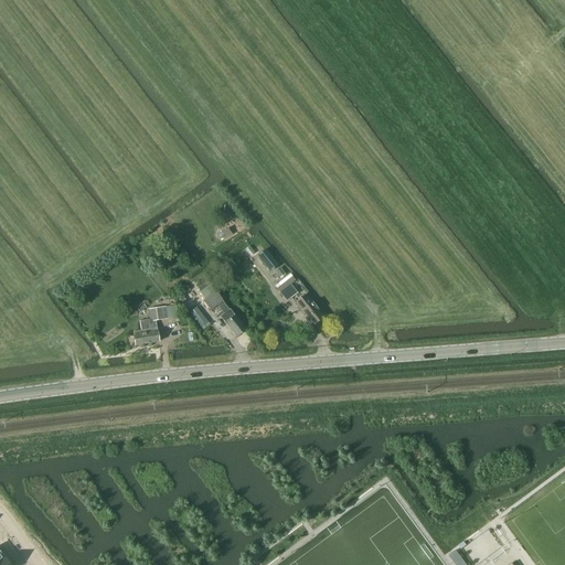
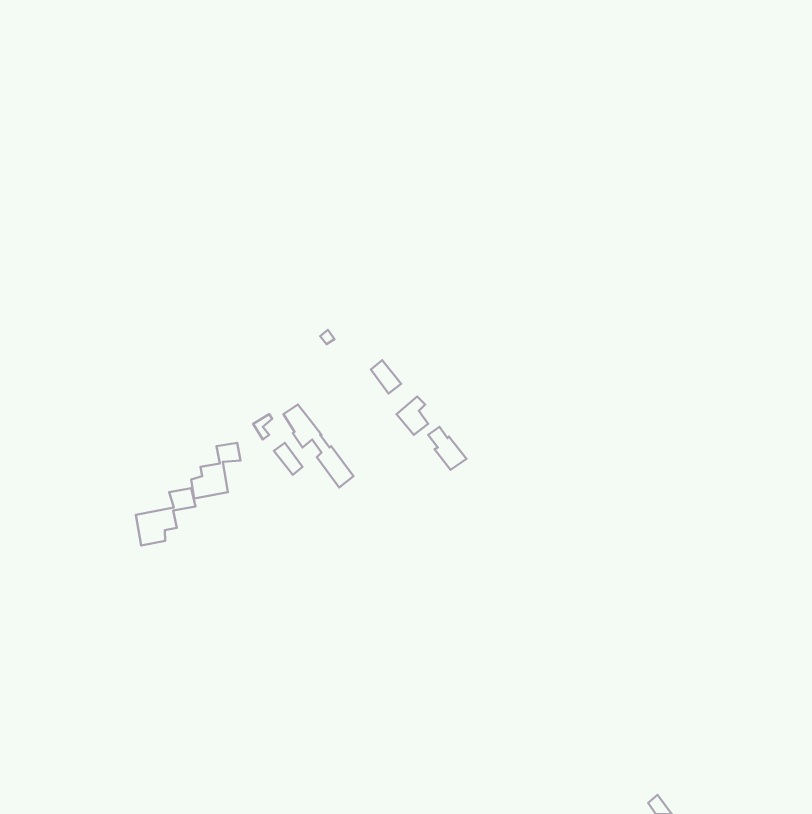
building: none -> [136,488,195,545]

